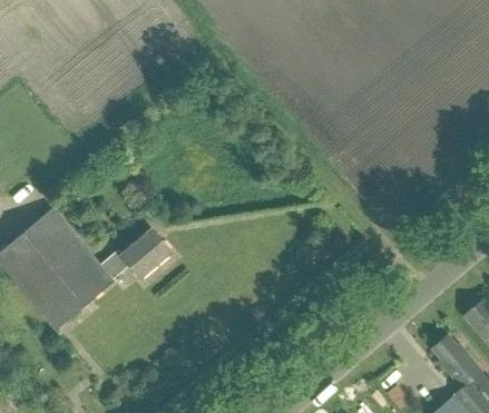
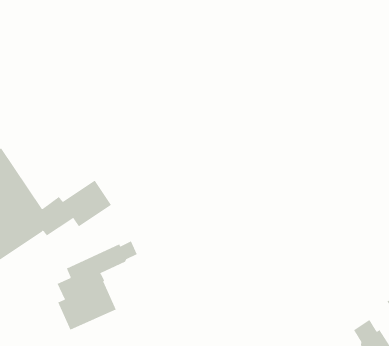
building: none -> [57,240,137,330]

